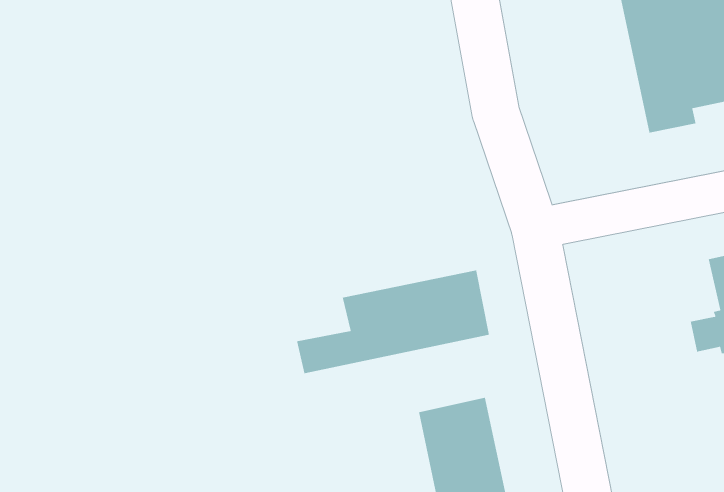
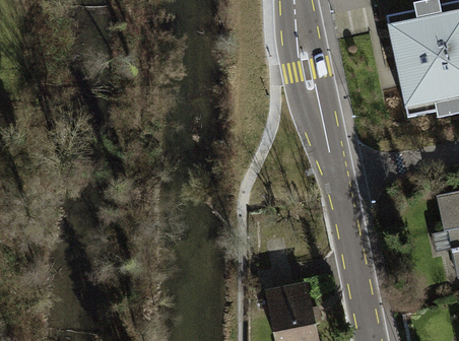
building: [296,270,490,374] -> none

